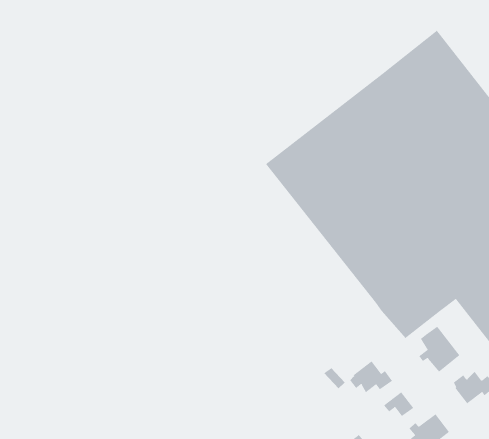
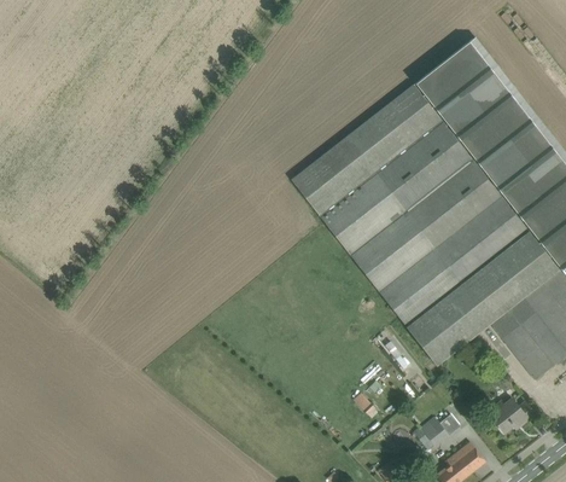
building: [418,326,460,372] -> none
building: [349,361,393,393] -> none

